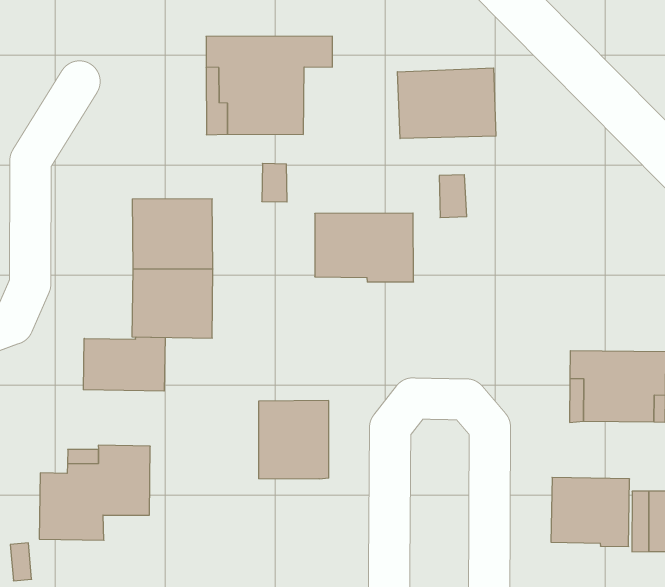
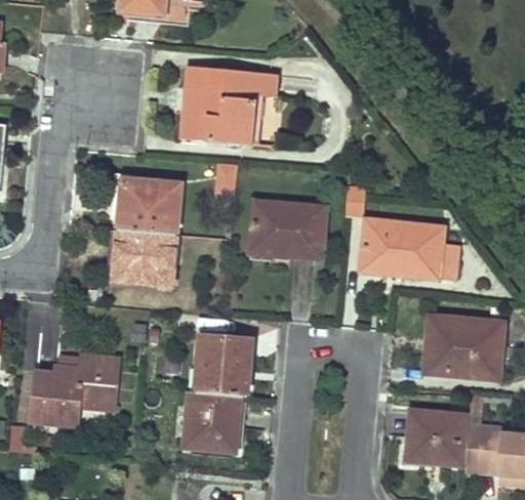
building: [397,68,496,139] -> none
building: none -> [363,220,458,279]
building: [83,337,165,391] -> none
building: none -> [185,390,240,451]

